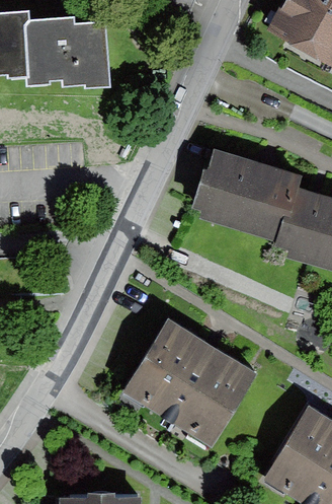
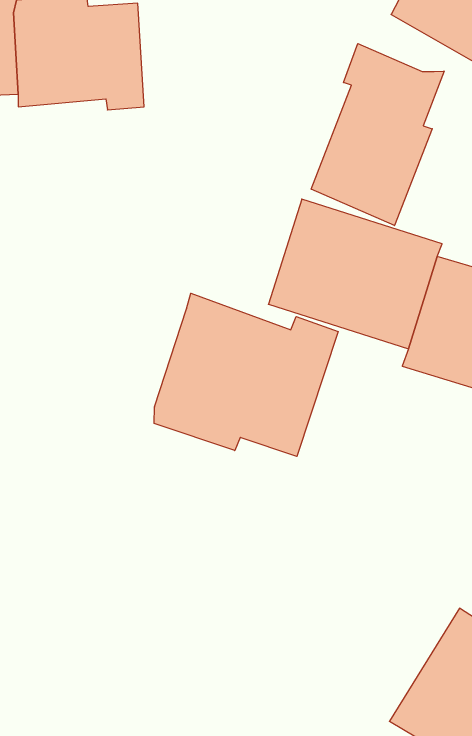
building: none -> [311,44,444,226]
building: none -> [154,293,338,456]
building: [122,318,257,445] -> none

